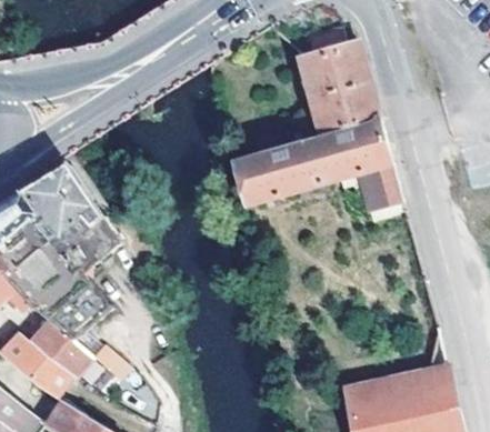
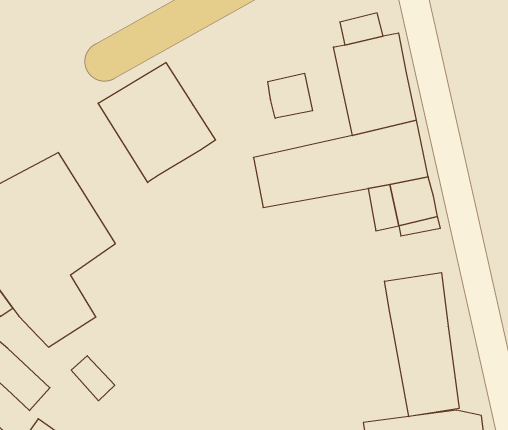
building: none -> [98,62,216,183]
building: none -> [268,73,313,118]
building: none -> [385,273,459,417]
building: [30,320,83,371] -> none

